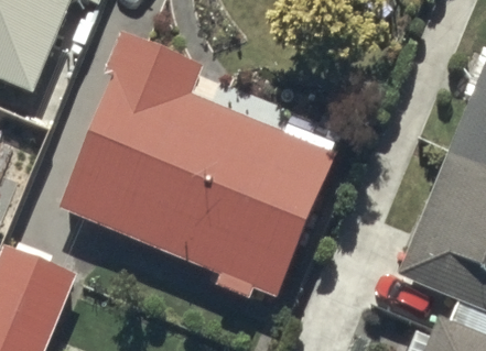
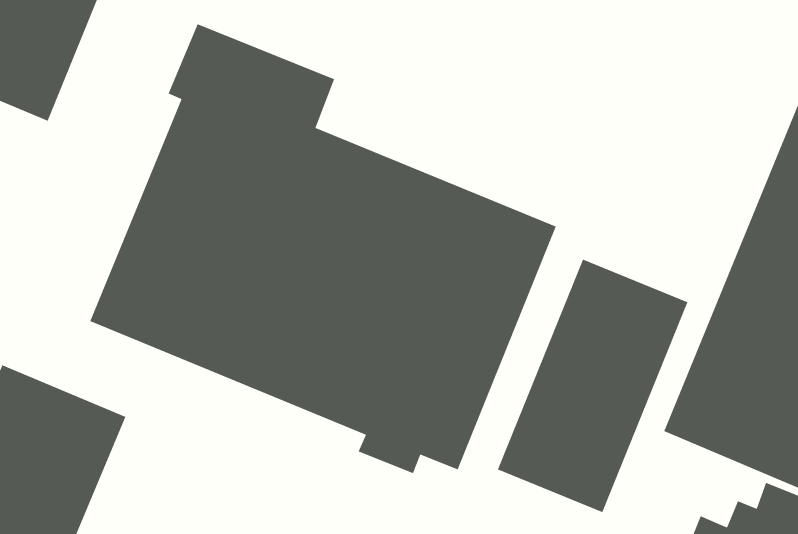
building: none -> [497,259,688,513]

